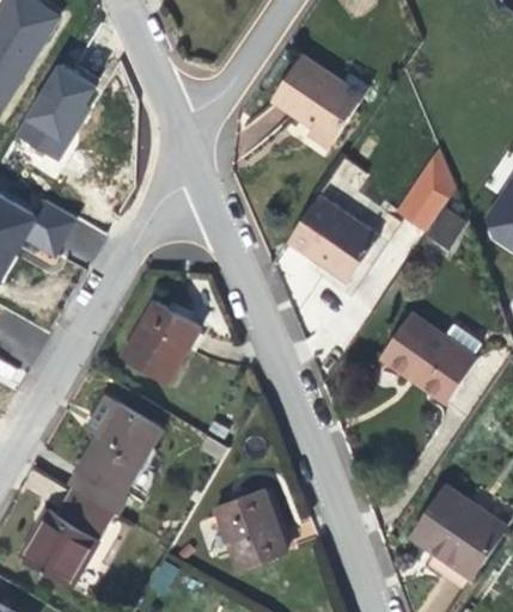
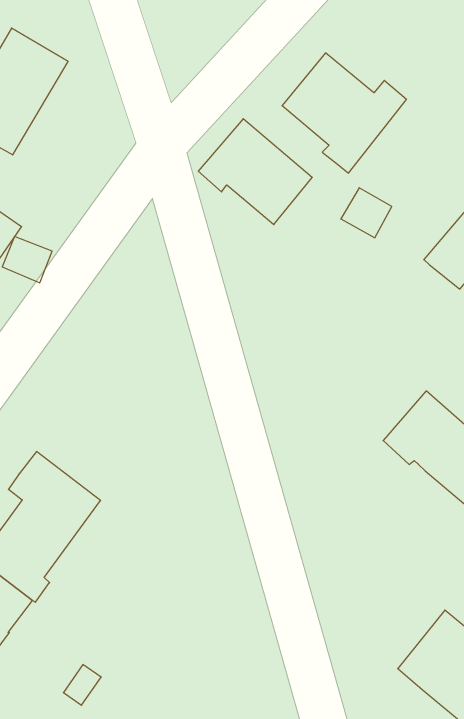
building: [288,196,379,277] -> [198,119,312,225]
building: [122,301,201,385] -> none
building: [216,490,288,570] -> none

